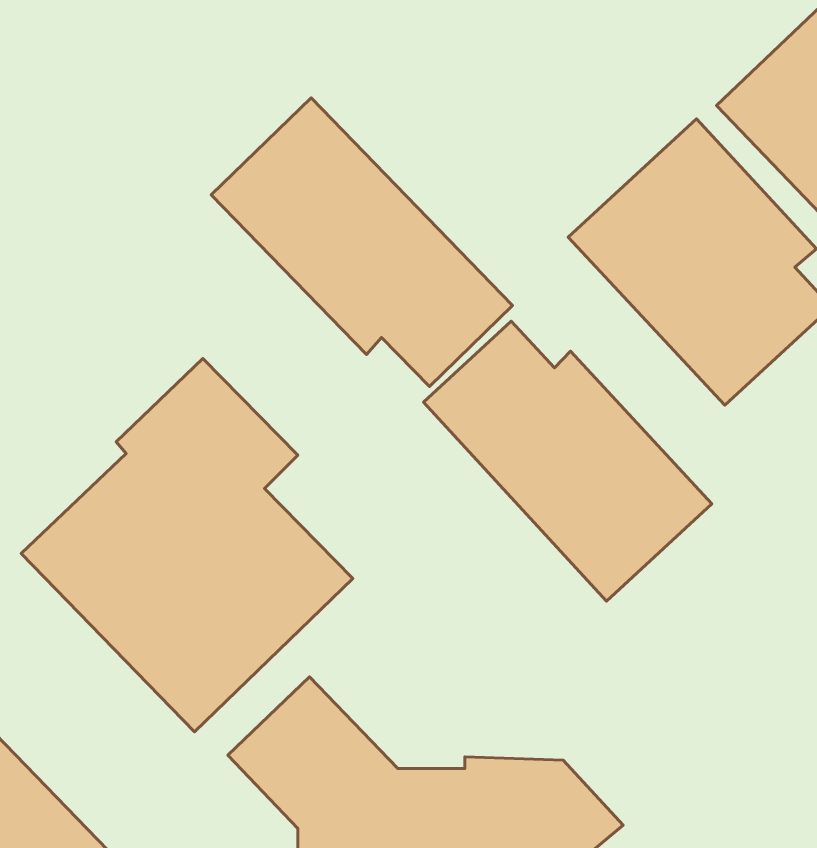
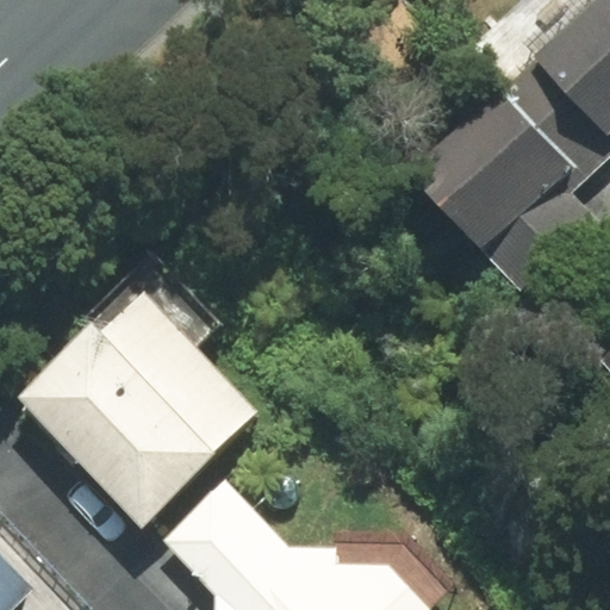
building: [211,98,512,386] -> none
building: [424,321,712,601] -> none

